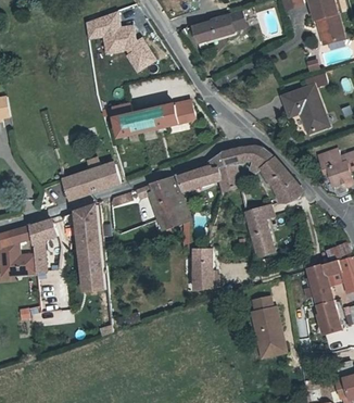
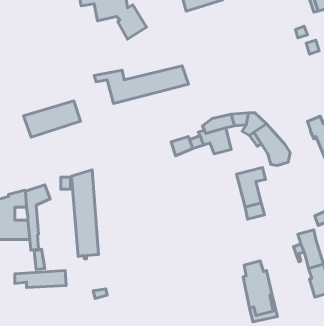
building: [279,84,326,133] -> none
building: [63,163,121,200] -> [24,101,80,137]
building: [144,176,189,230] -> none
building: [192,245,211,288] -> none

